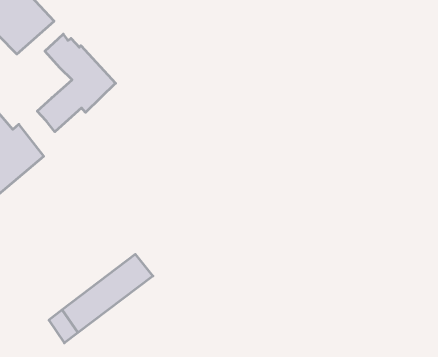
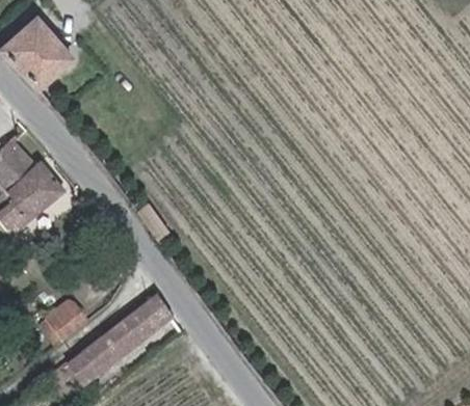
building: [37,34,116,132] -> none
building: none -> [31,300,83,349]

